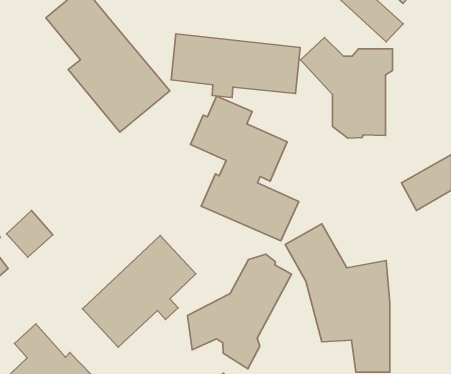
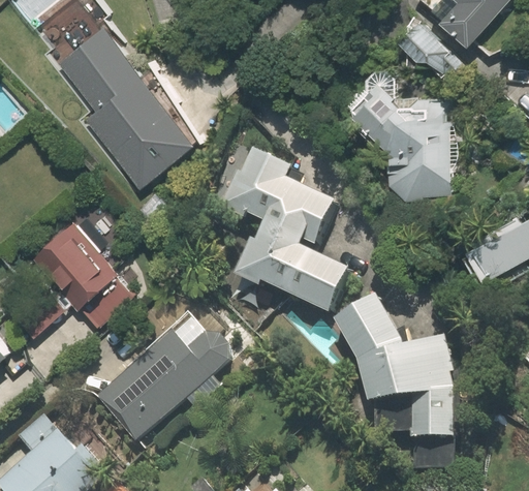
building: [171,34,300,98] -> none
building: none -> [34,217,133,326]
building: [187,254,291,369] -> none

